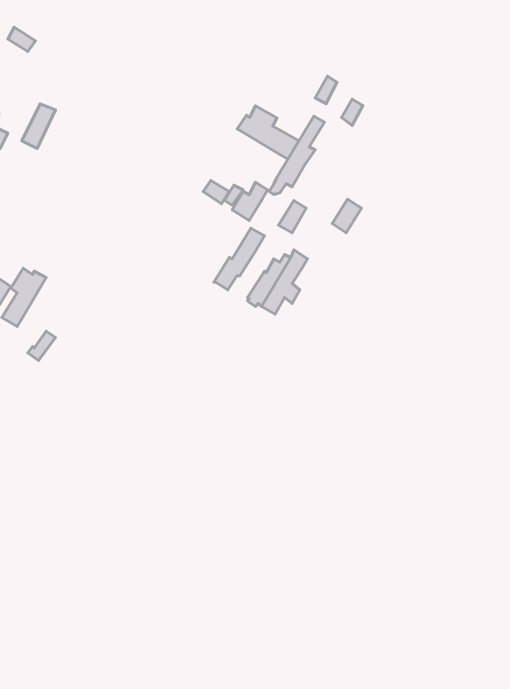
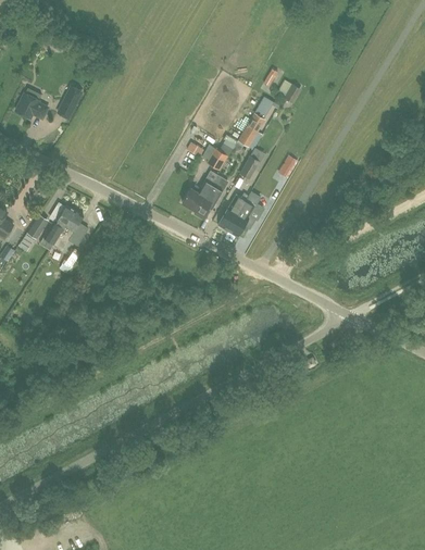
building: [237,106,299,159] -> none
building: none -> [180,170,218,210]
building: none -> [53,210,87,249]

